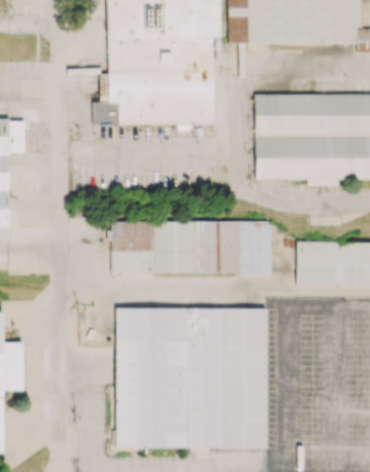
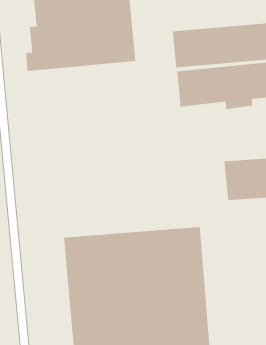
building: [111,221,271,274] -> none

